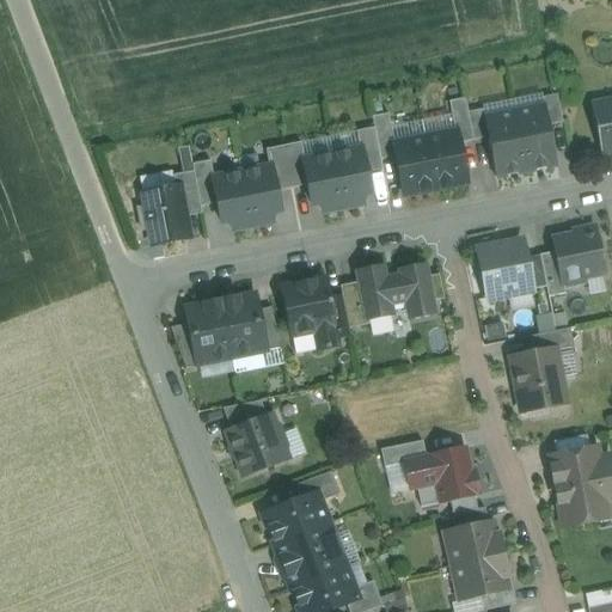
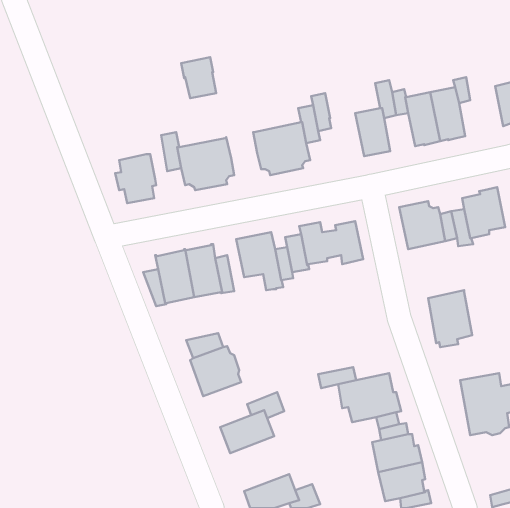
building: [394,135,436,192] -> none
building: [267,140,308,189] -> [181,57,216,98]
building: [175,169,203,214] -> none
building: [531,326,575,351] -> none
building: [276,521,347,587] -> none

